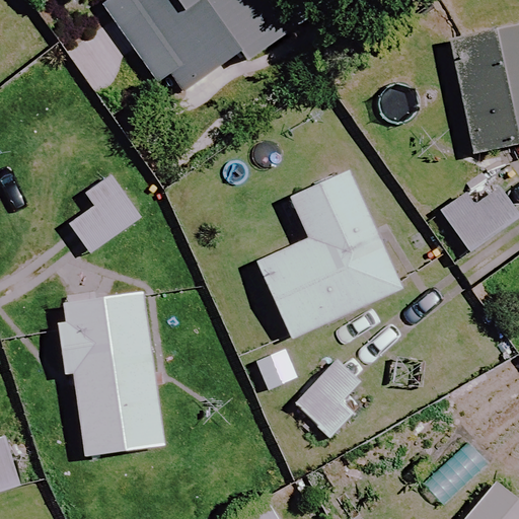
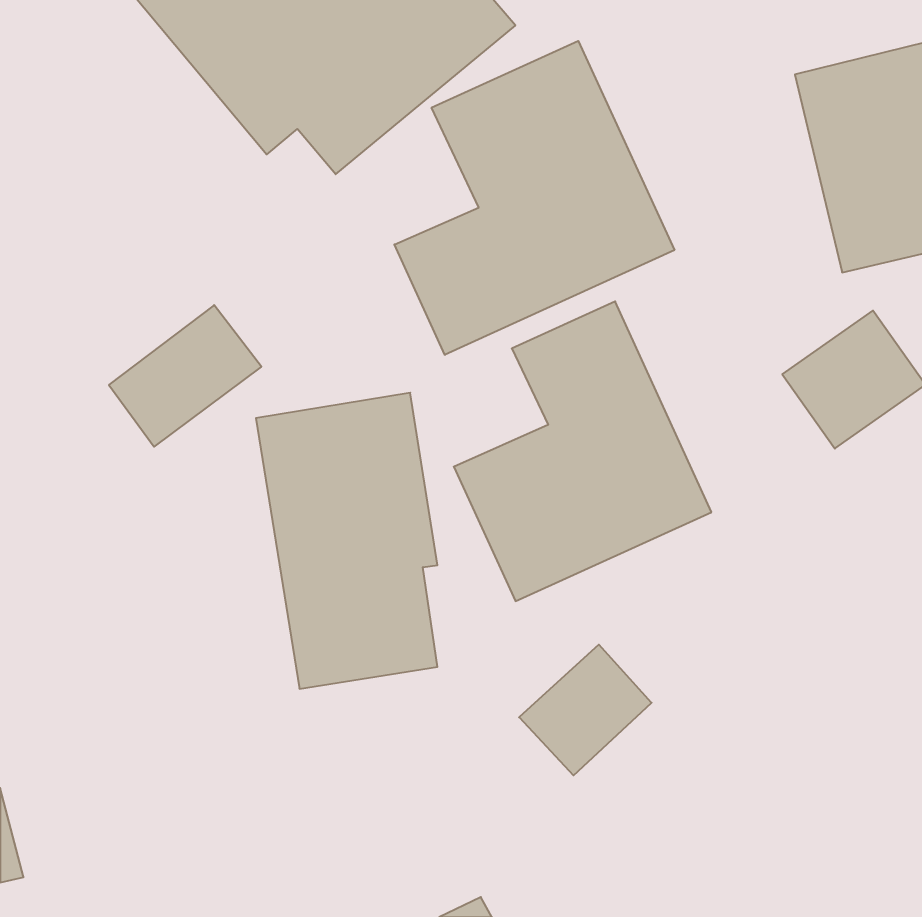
building: none -> [394,41,674,355]
building: [62,289,163,454] -> [256,393,437,689]

